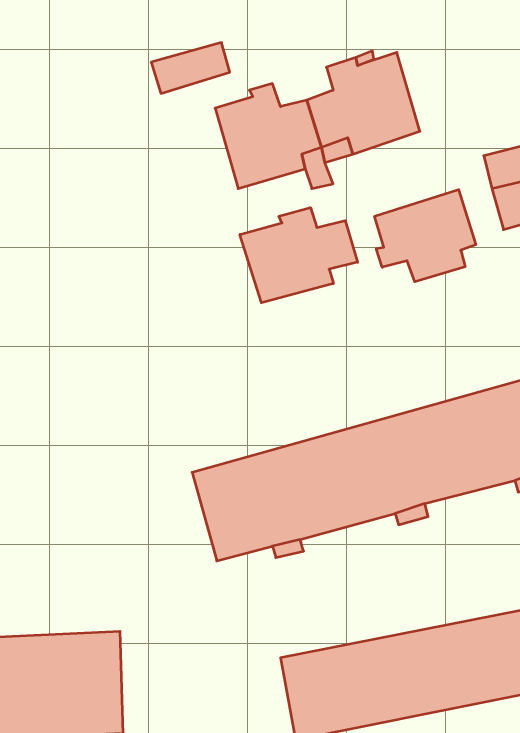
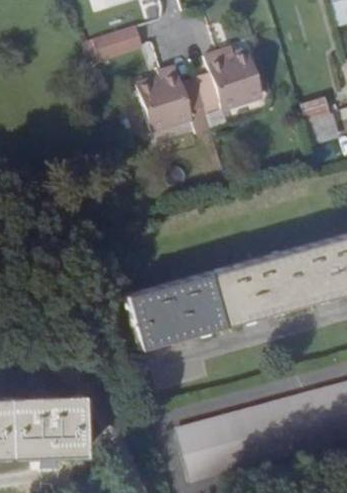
building: [375,190,476,282] -> none
building: [240,208,358,303] -> none

